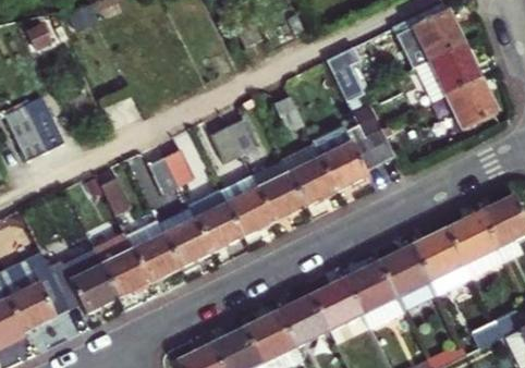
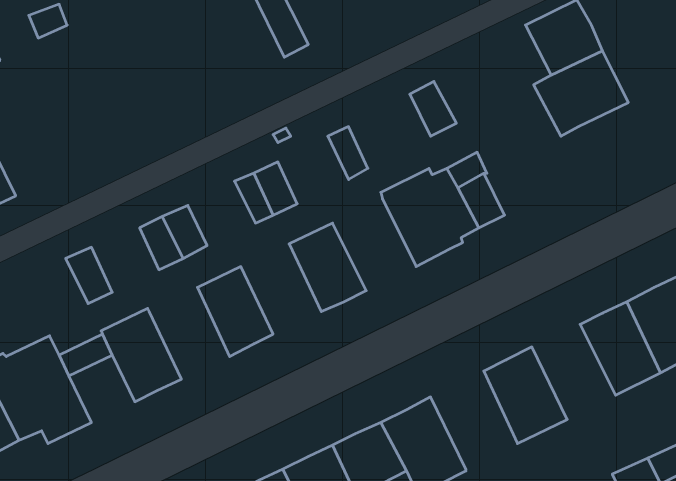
building: [444,79,493,127] -> none
building: [278,145,334,207] -> none
building: [216,175,270,236] -> none
building: [154,205,208,267] -> none
building: [413,230,469,294] -> none
building: [99,250,144,296] -> none
building: [344,261,403,328] -> none

